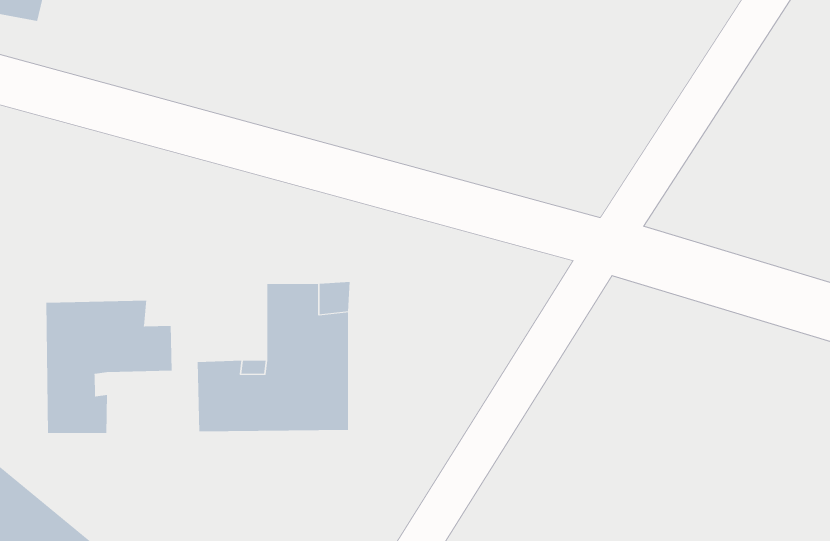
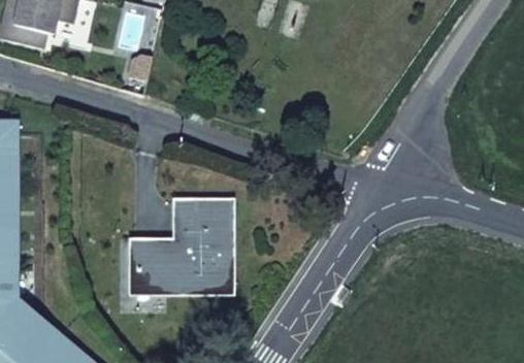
building: [46,300,172,434] -> none

